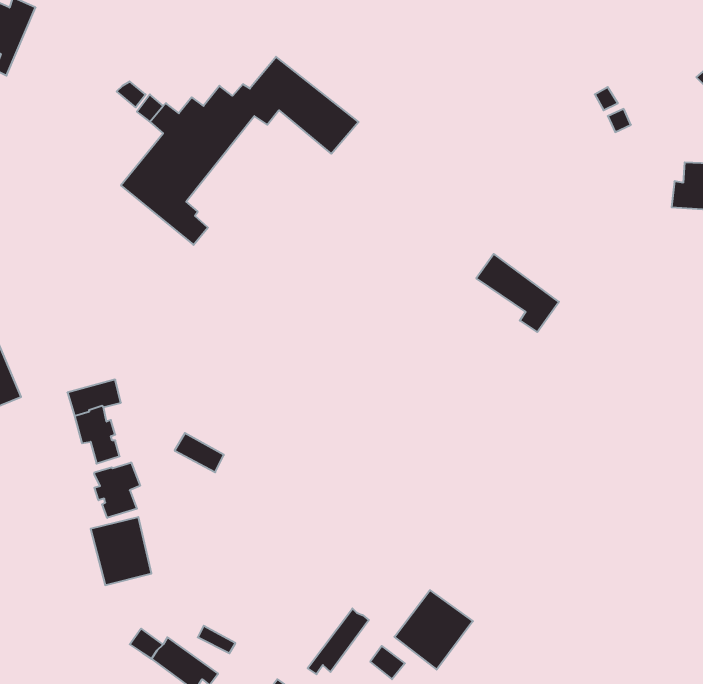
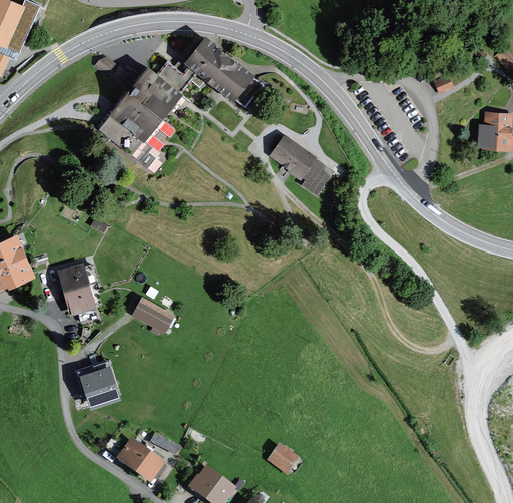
building: [476,254,559,332] -> [273,138,330,192]
building: [94,462,140,518] -> none
building: [394,590,473,670] -> none
building: [308,608,369,674] -> none

